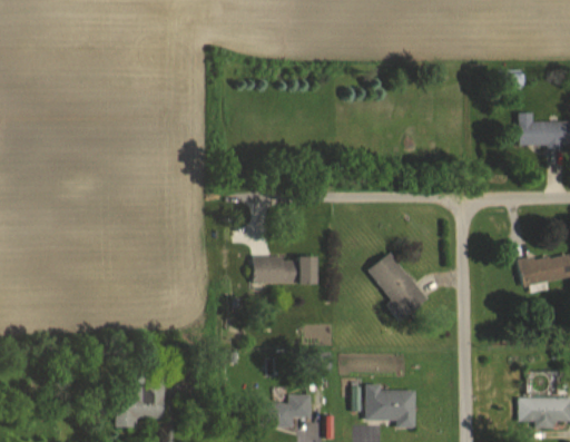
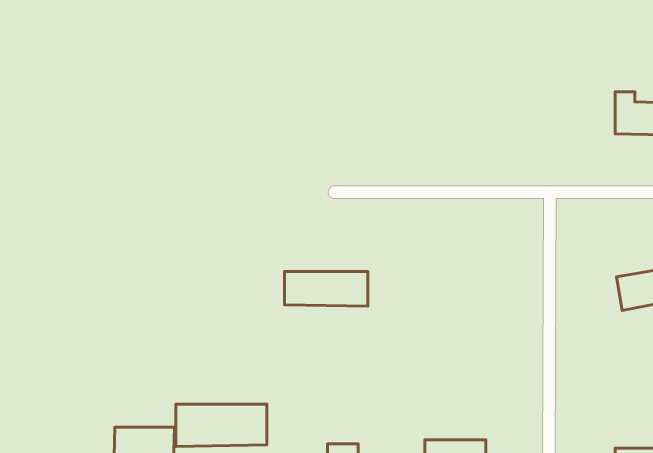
building: [366,253,426,318] -> none
building: none -> [176,404,267,446]

